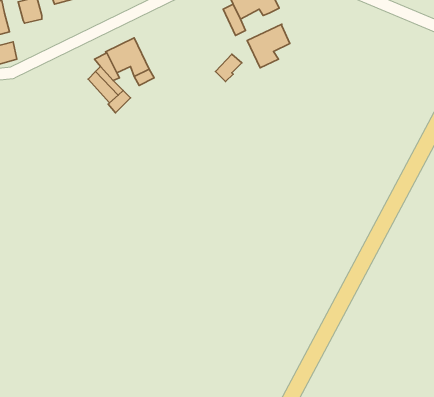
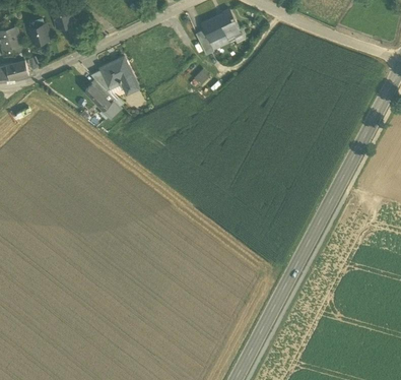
building: [247,24,290,68] -> none

